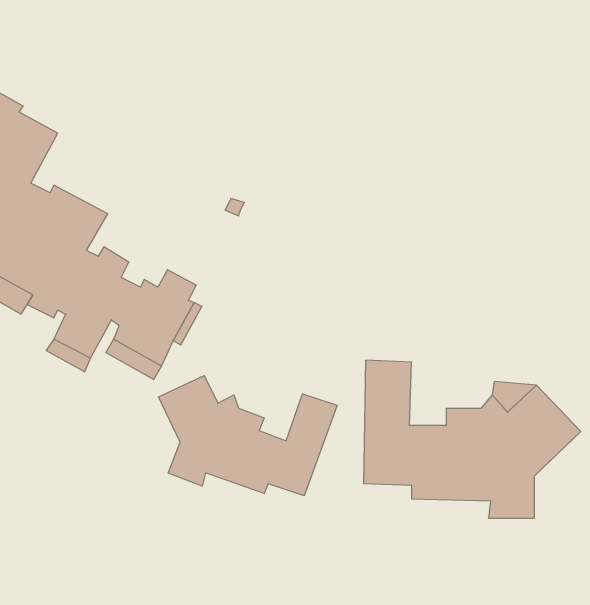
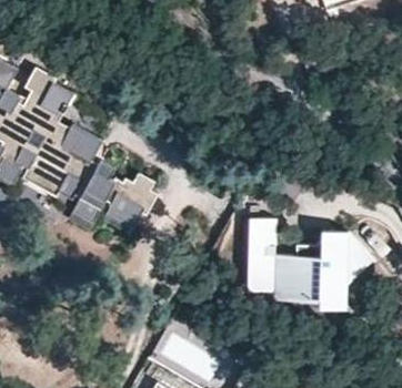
building: [158,376,337,496] -> none

